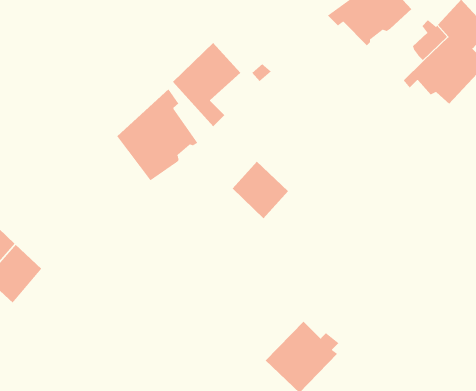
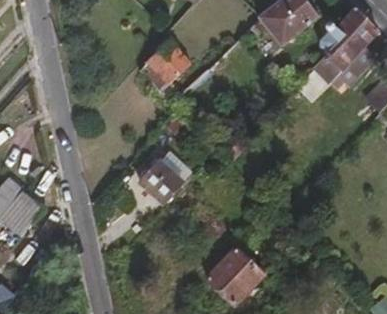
building: [116,89,198,181] -> none
building: [232,161,289,219] -> [138,159,181,203]

